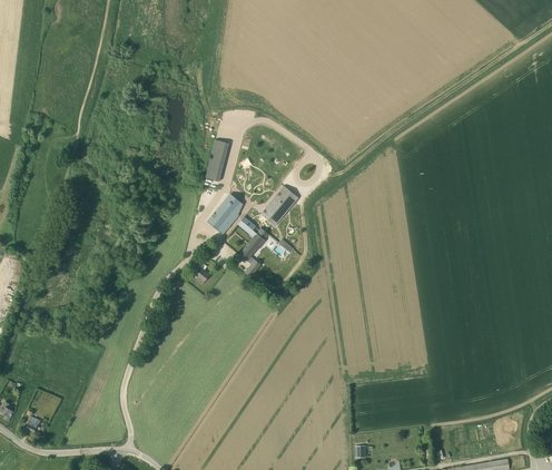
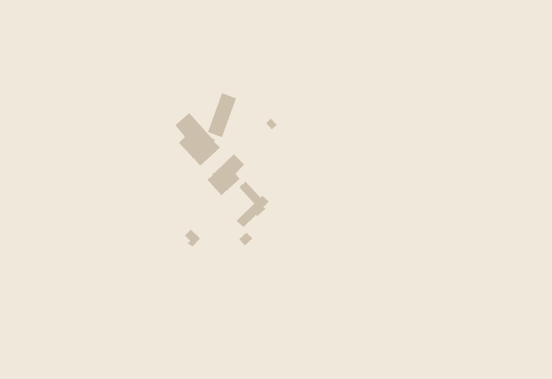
building: none -> [175,112,221,166]
building: [264,186,298,223] -> none

